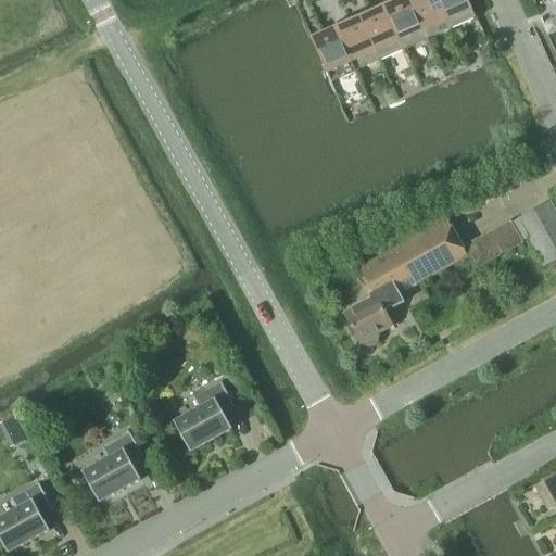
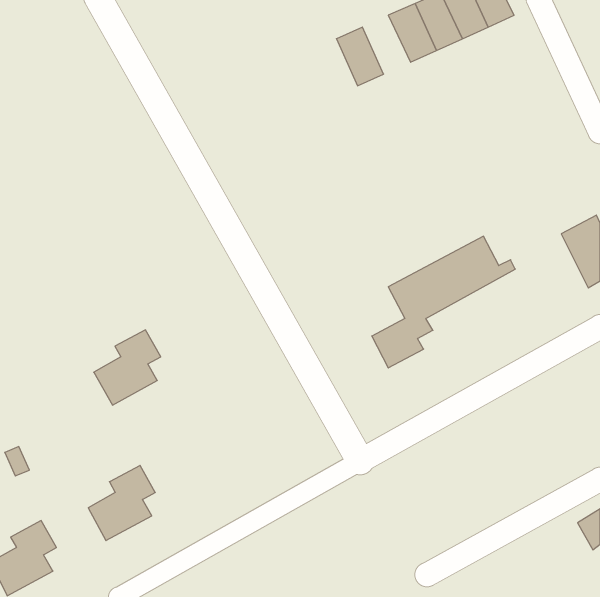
building: [334,14,379,68] -> none
building: [471,219,522,262] -> none
building: [173,380,235,450] -> [94,330,161,405]

